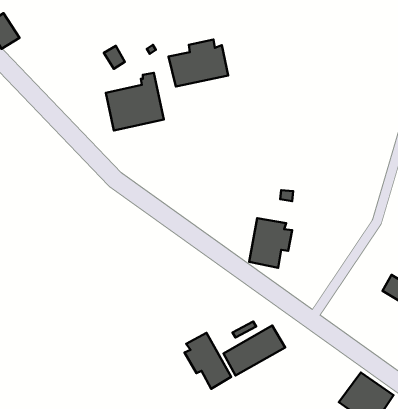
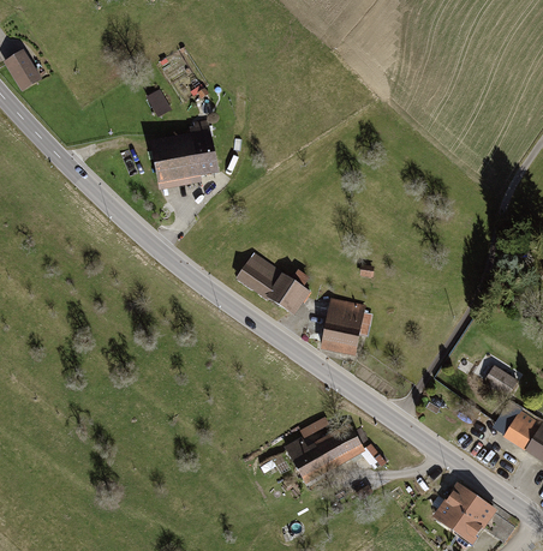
building: [169,39,228,87] -> none
building: none -> [235,248,310,315]
building: [185,333,231,389] -> none

